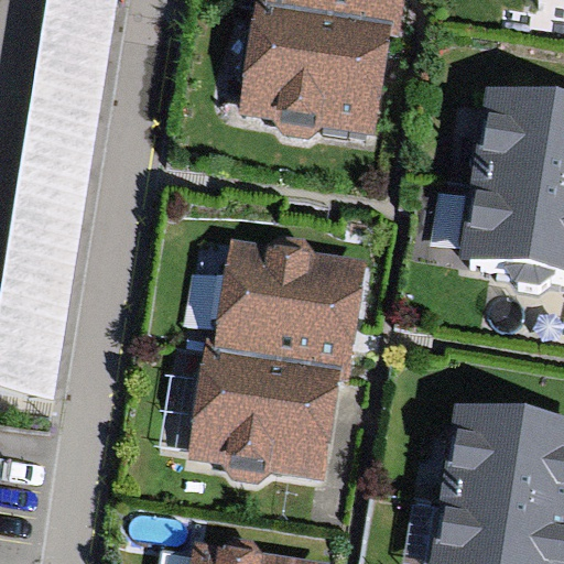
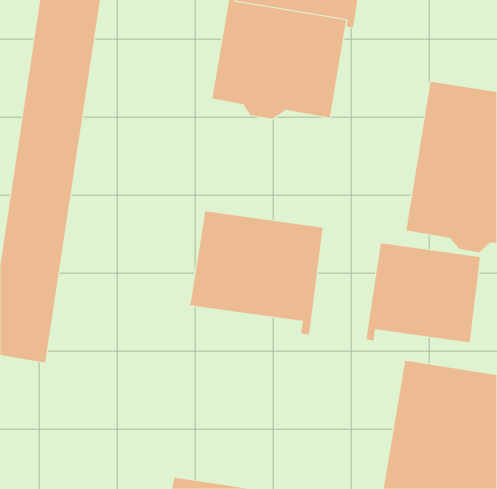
building: none -> [366,243,480,343]
building: [187,333,341,478] -> none

